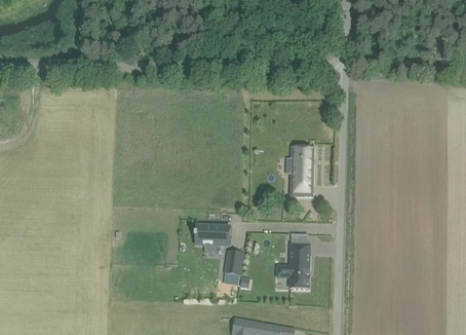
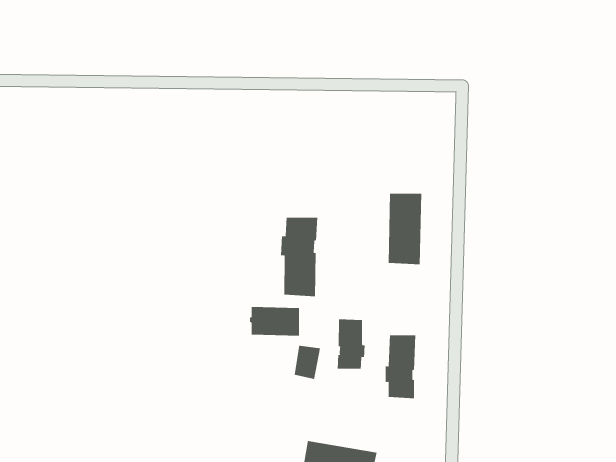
building: none -> [281,217,318,297]
building: none -> [337,318,365,370]

